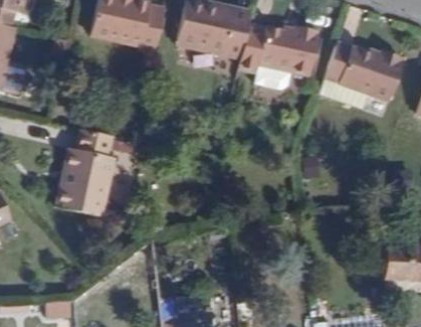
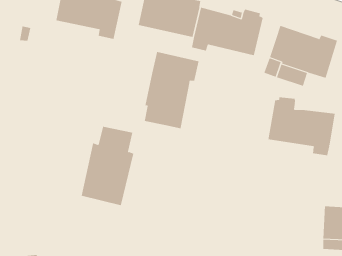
building: none -> [144,51,199,129]
building: none -> [268,96,336,156]
building: [57,129,117,217] -> [81,126,134,206]

